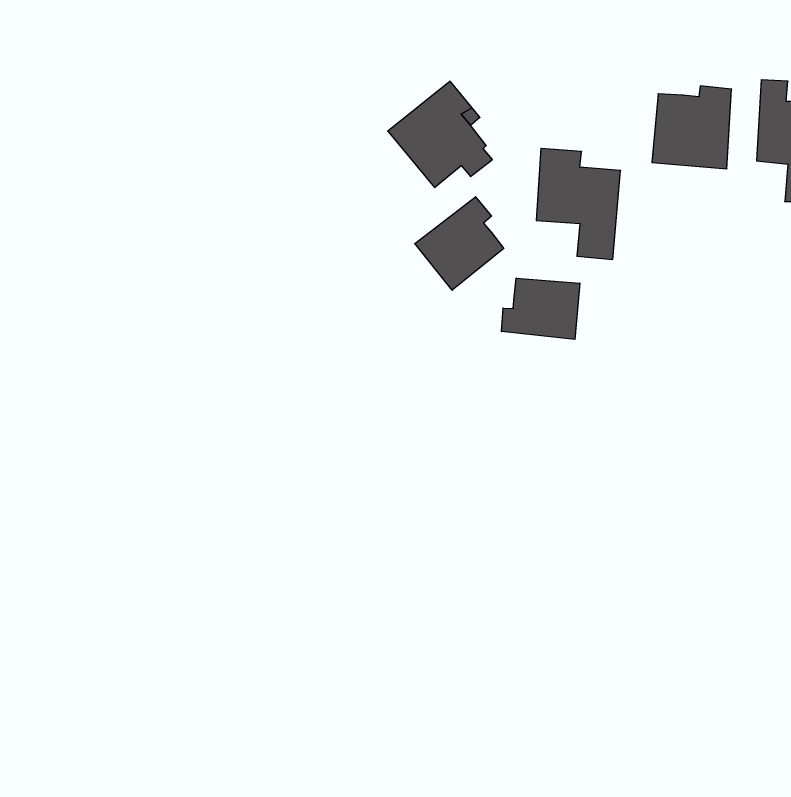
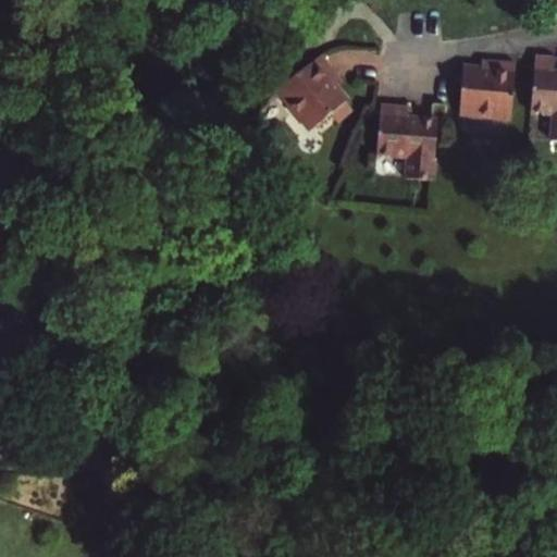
building: [415,197,504,290] -> none
building: [502,278,580,339] -> none

